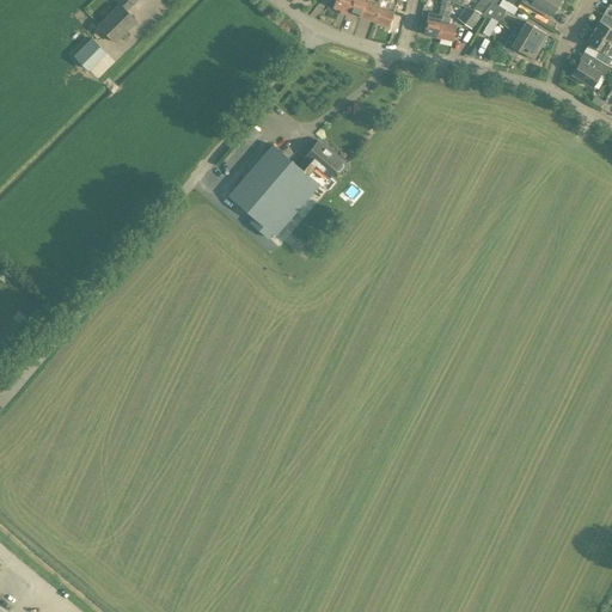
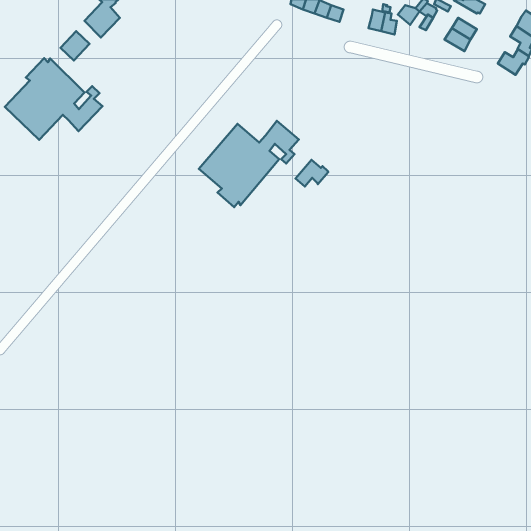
building: none -> [5,58,102,140]
building: none -> [296,160,328,186]

